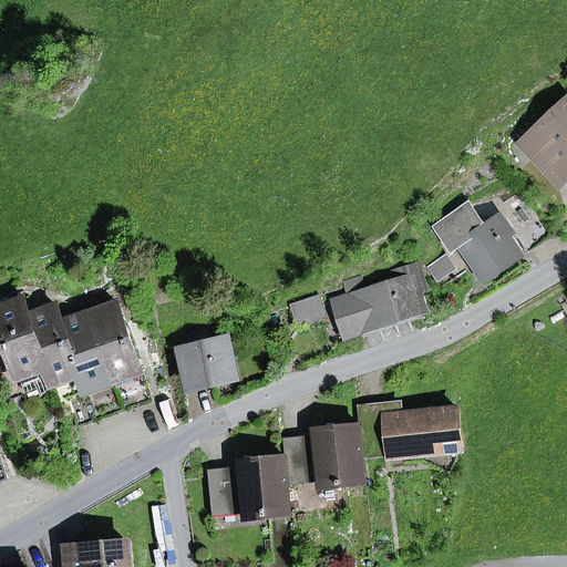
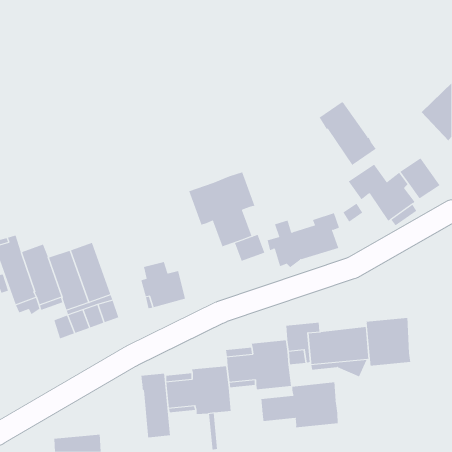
building: none -> [319,101,377,166]
building: none -> [188,172,255,247]
building: none -> [366,317,411,367]
building: none -> [141,373,170,439]
building: none -> [261,382,338,428]

